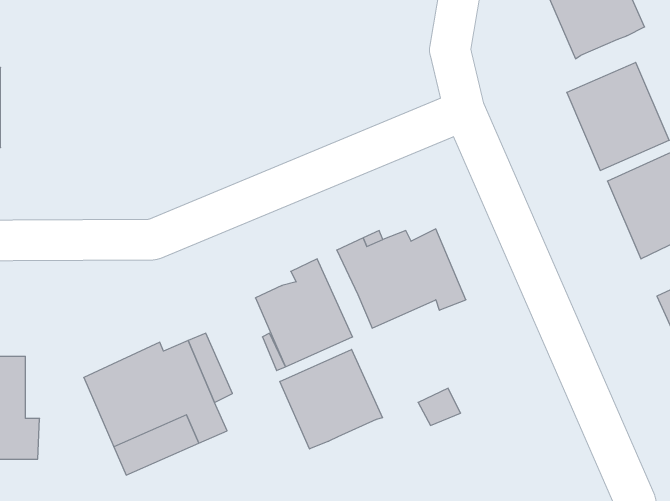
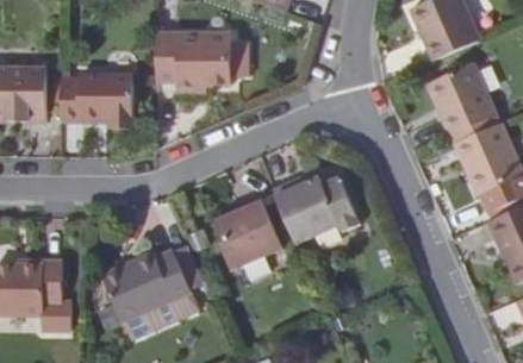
building: none -> [156,32,231,89]
building: none -> [61,75,132,120]
building: [280,349,382,449] -> none

